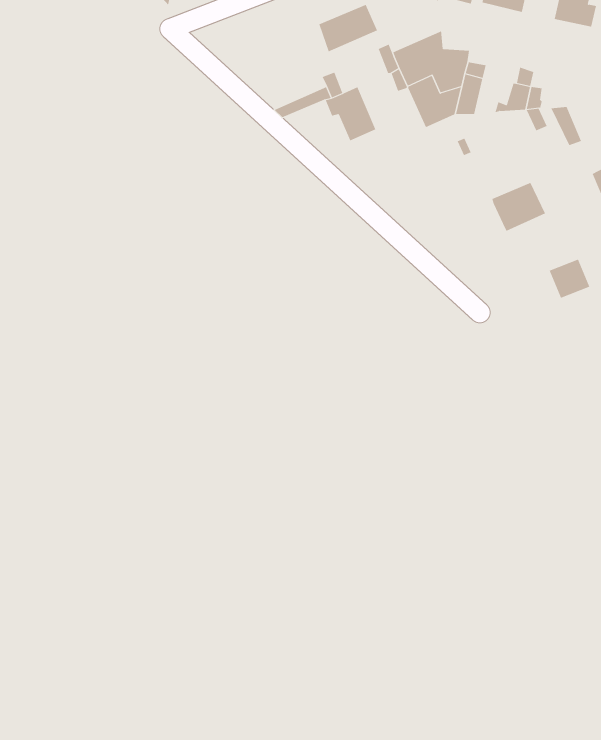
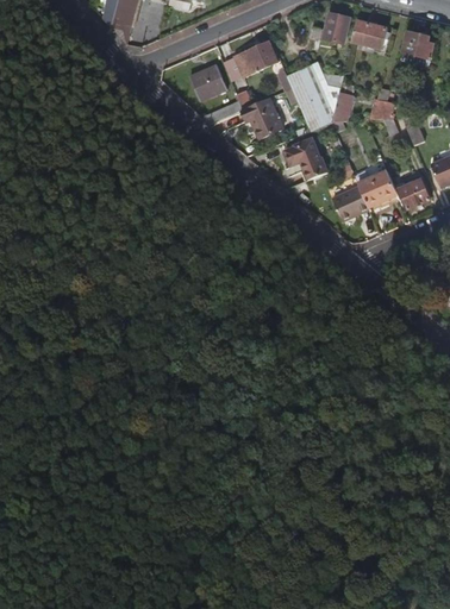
building: none -> [189,63,225,98]
building: none -> [285,138,327,180]
building: none -> [332,186,368,220]
building: [549,259,590,298] -> [399,180,429,208]

